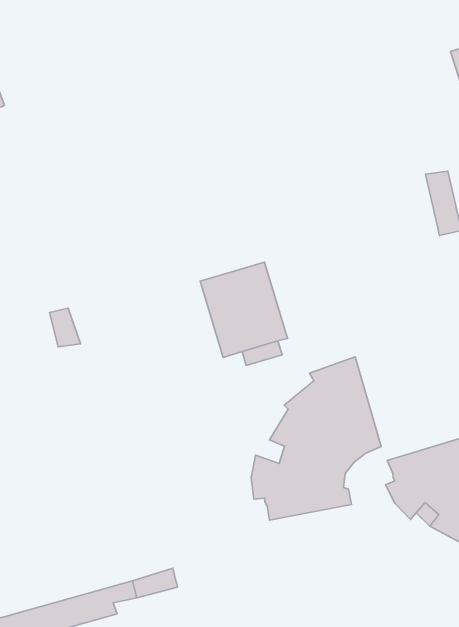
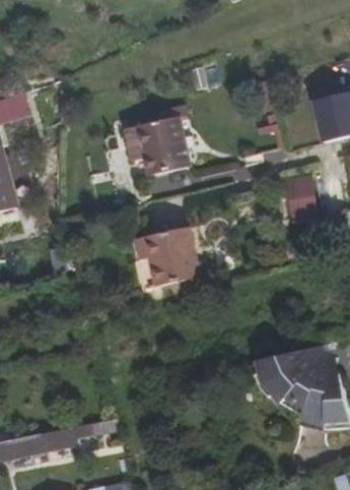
building: none -> [125,116,190,176]
building: [251,357,381,520] -> none

